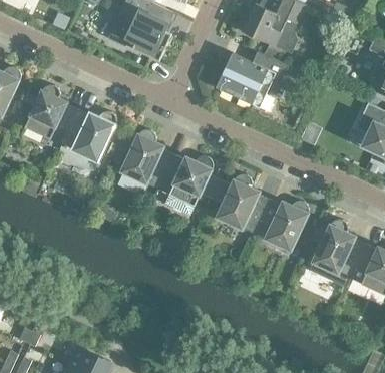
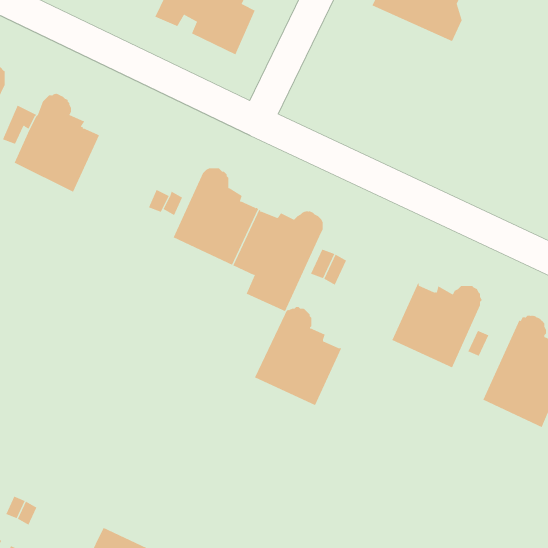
building: [216,51,303,108] -> none
building: [61,109,116,161] -> none
building: [217,173,270,234] -> [254,306,342,406]

